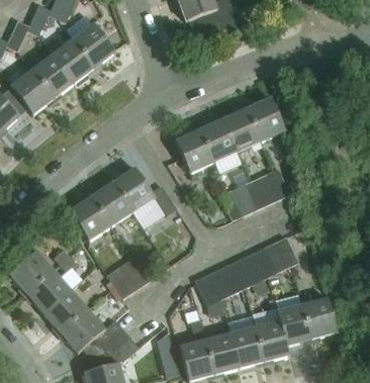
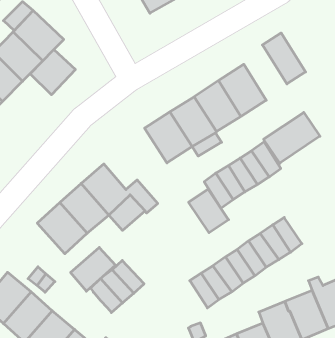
building: none -> [30,50,75,95]
building: none -> [262,33,306,84]
building: none -> [264,112,320,163]
building: none -> [189,189,229,233]
building: none -> [71,247,115,291]

